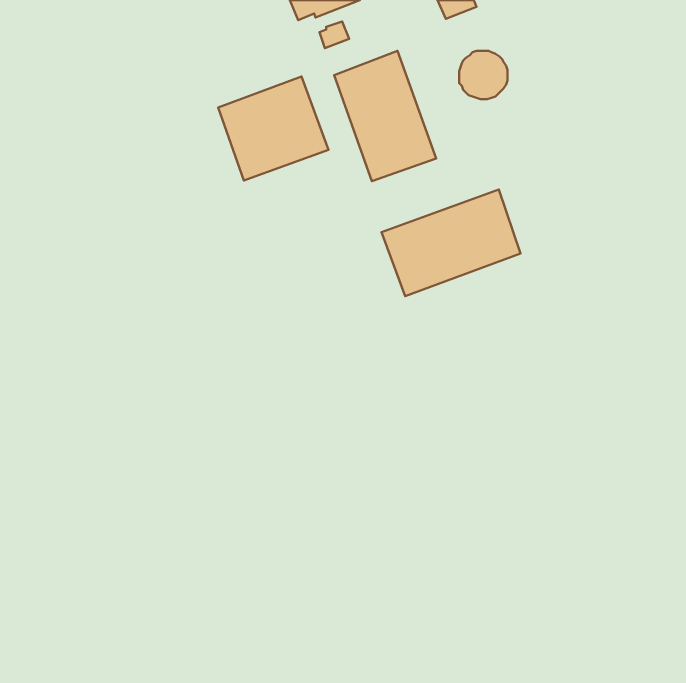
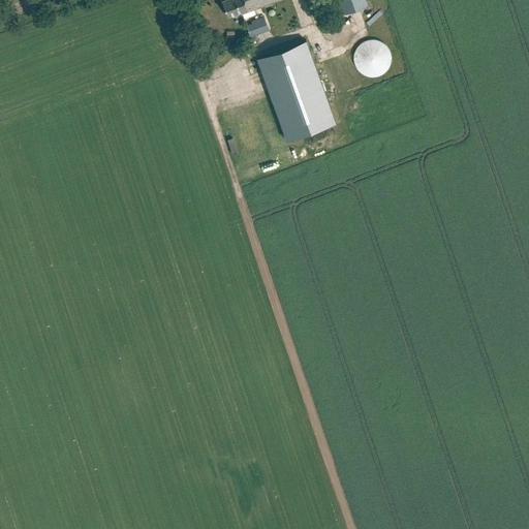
building: [218,76,328,180] -> none
building: [381,190,521,296] -> none

